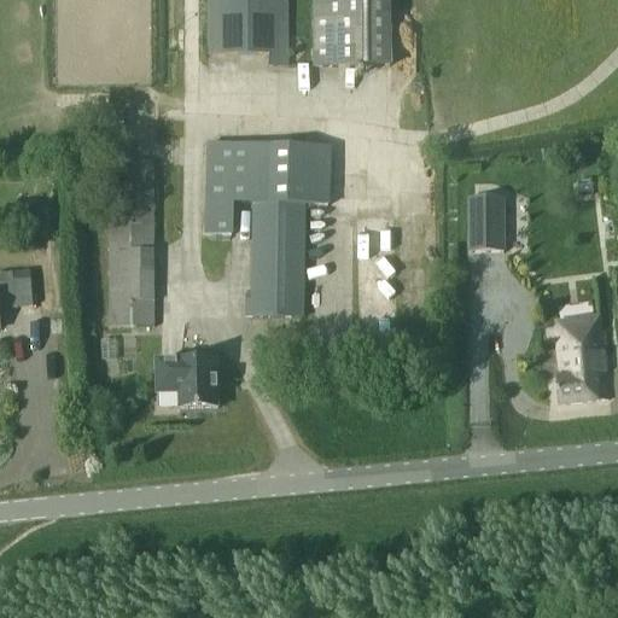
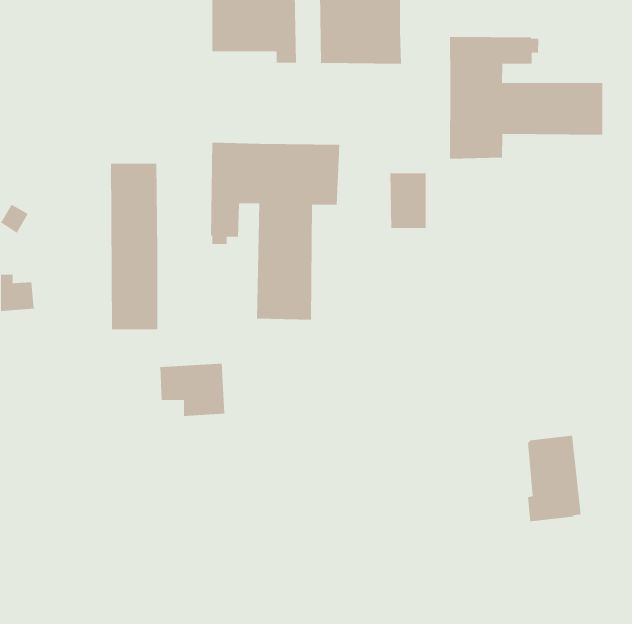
building: none -> [450,36,603,159]
building: [468,193,505,247] -> [389,173,427,229]
building: [555,311,608,396] -> [527,435,581,522]

